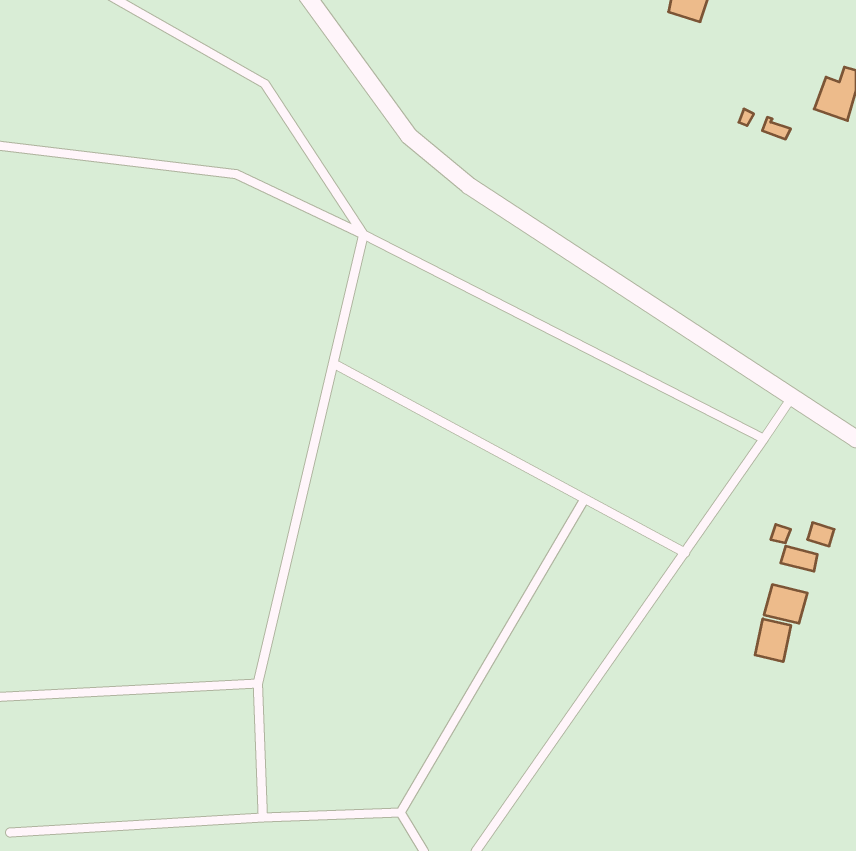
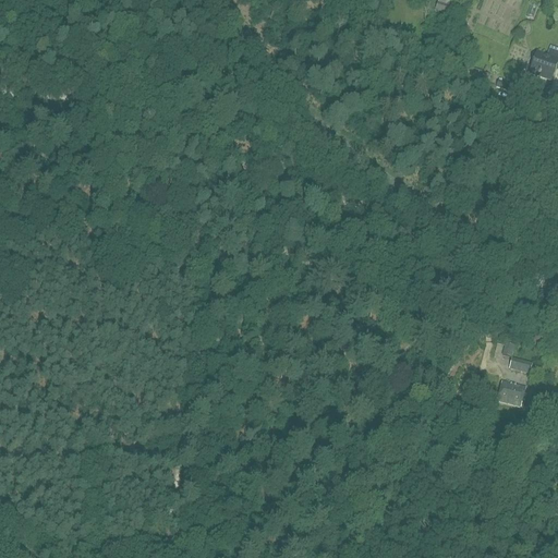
building: [755,619,791,662] -> none

